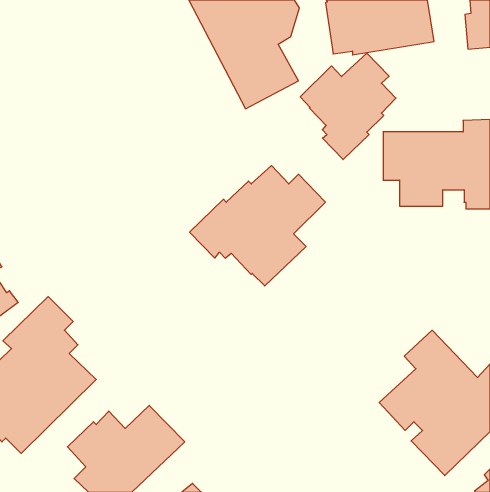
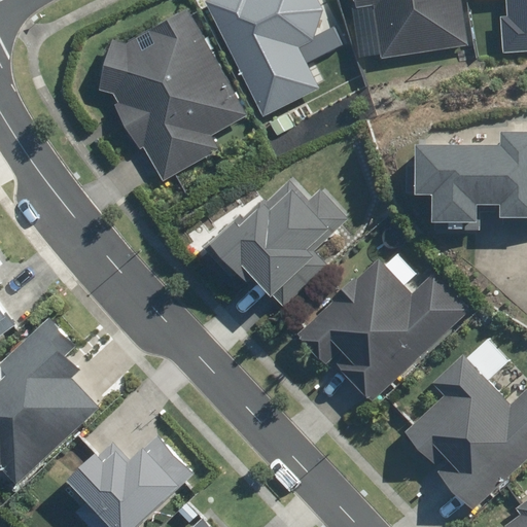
building: none -> [96,7,248,181]
building: [300,53,396,160] -> none
building: none -> [296,257,468,400]

